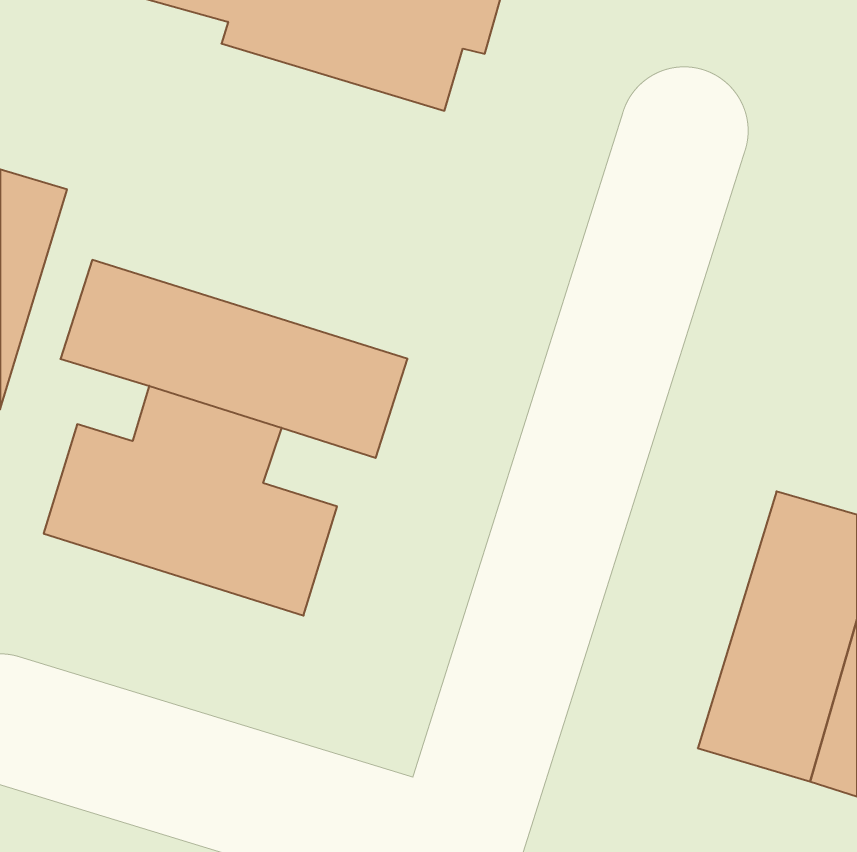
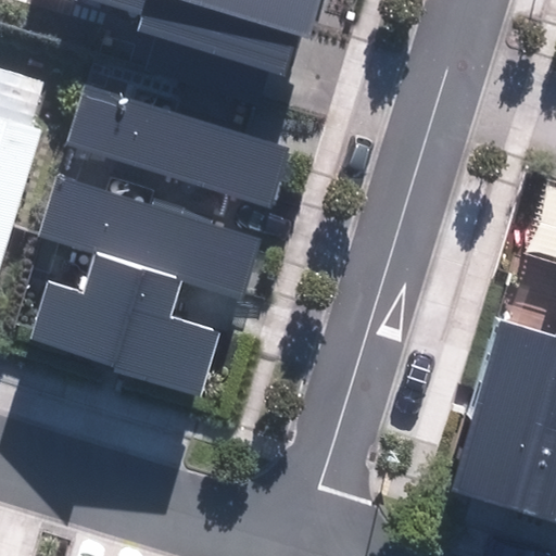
building: none -> [64,70,296,212]

